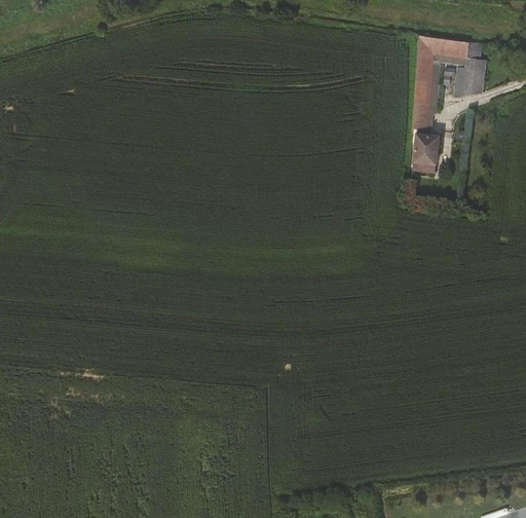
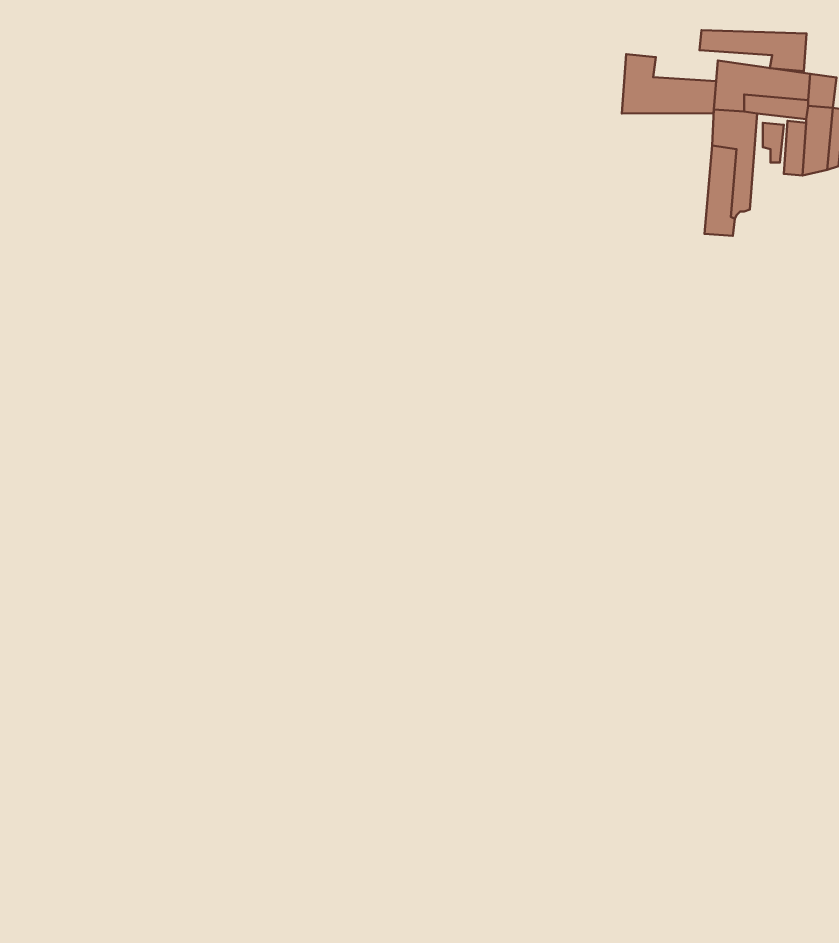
building: none -> [700,30,807,71]
building: none -> [622,54,716,113]
building: [413,133,438,170] -> none

